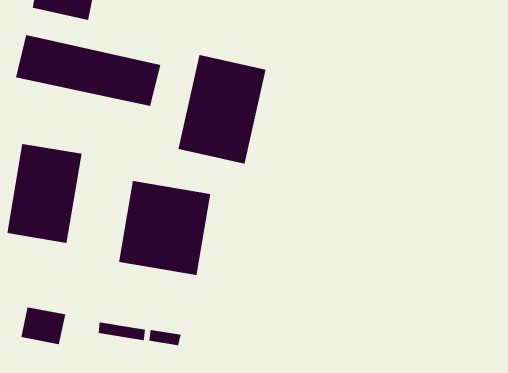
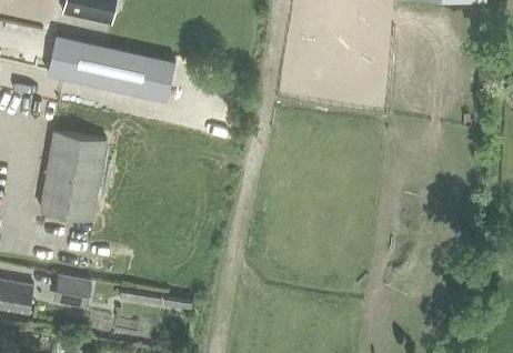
building: [178,54,266,165] -> none
building: [119,180,211,276] -> none

